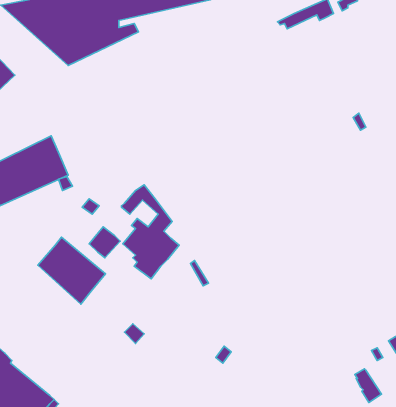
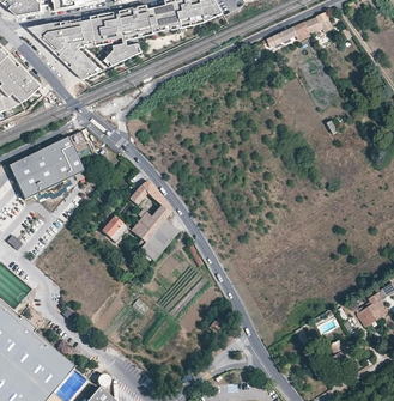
building: [38,237,106,304] -> none

